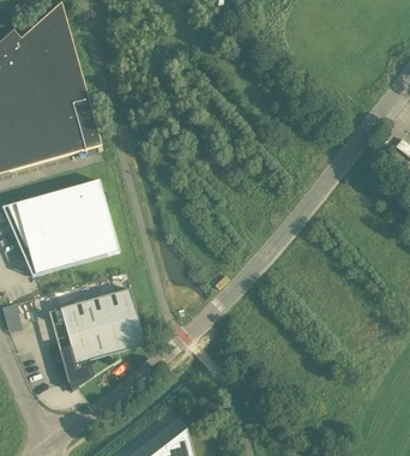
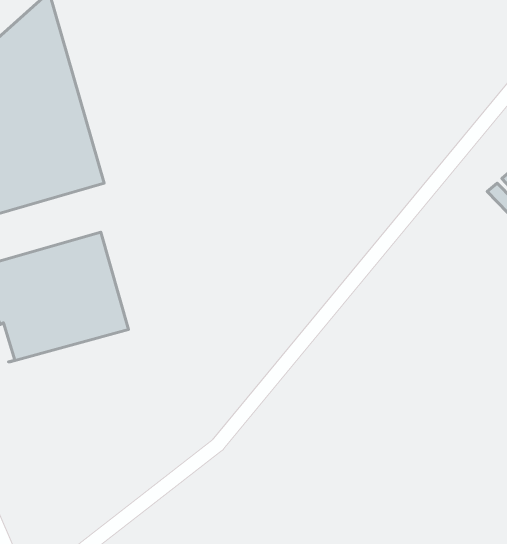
building: [58,287,143,389] -> none

